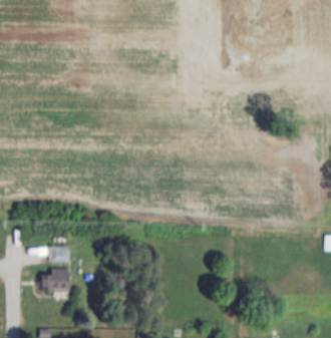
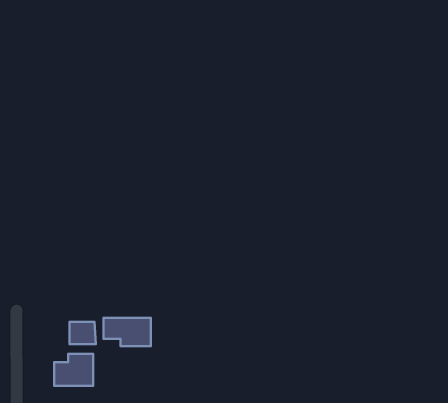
building: none -> [103,318,151,346]

